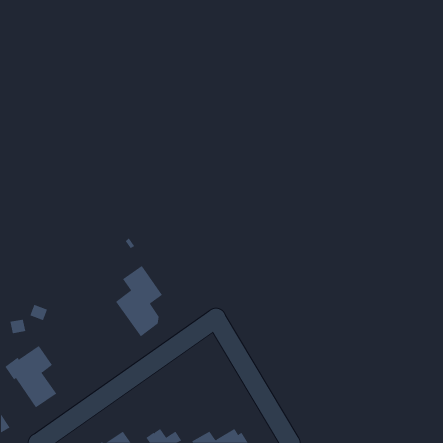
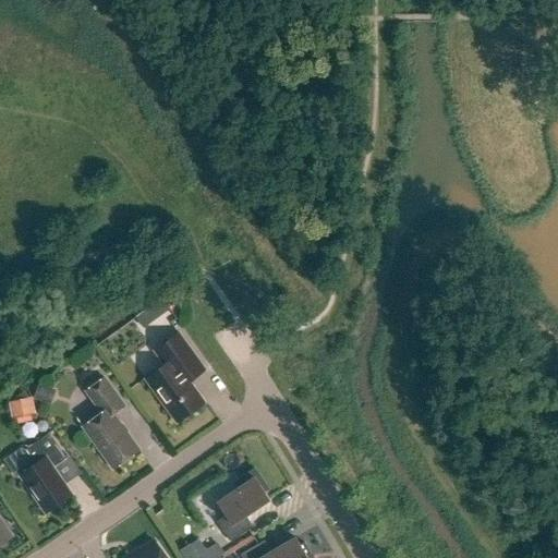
building: none -> [82,378,140,470]
building: none -> [217,469,269,543]

